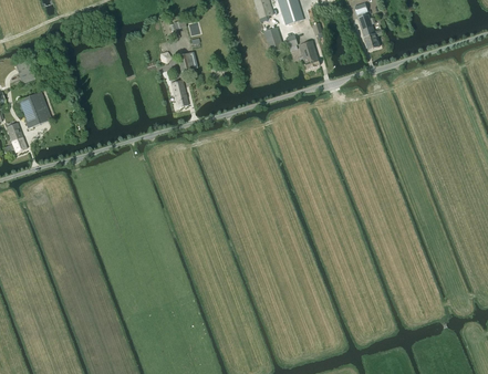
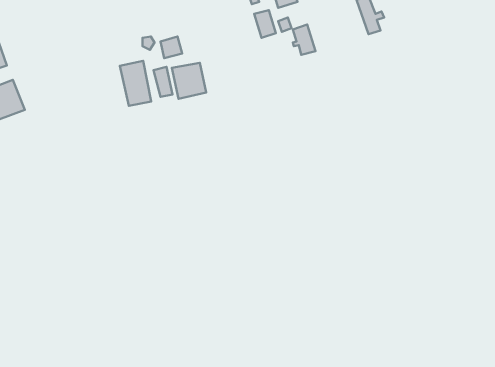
building: none -> [120,61,151,106]
building: none -> [172,63,206,99]

